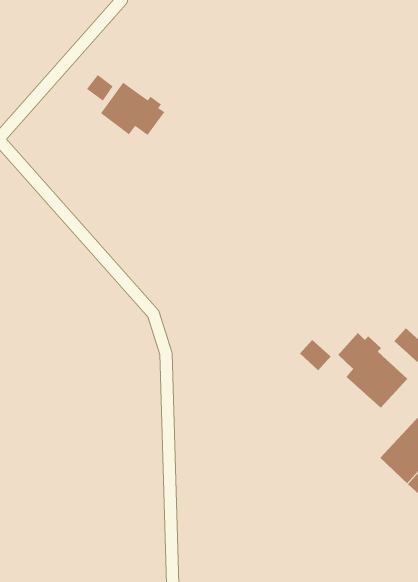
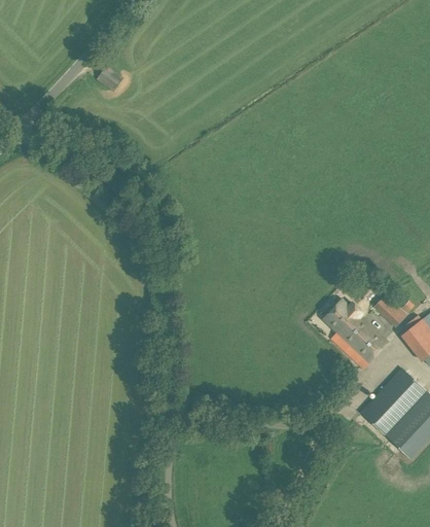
building: [100,82,165,136] -> none
building: [299,339,331,371] -> none

